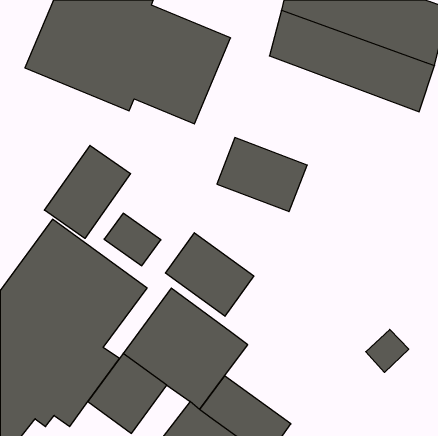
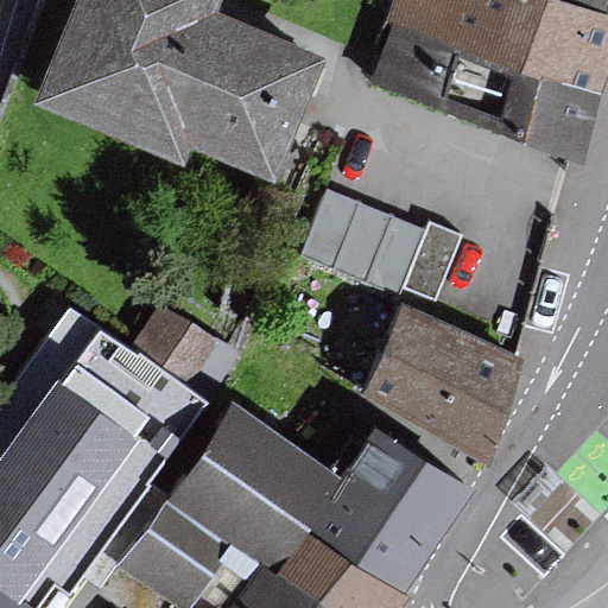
building: [44,145,131,238] -> none
building: none -> [366,308,526,460]
building: [165,233,254,316] -> none
building: none -> [312,430,463,590]

